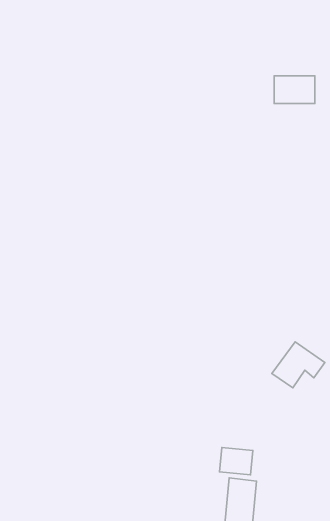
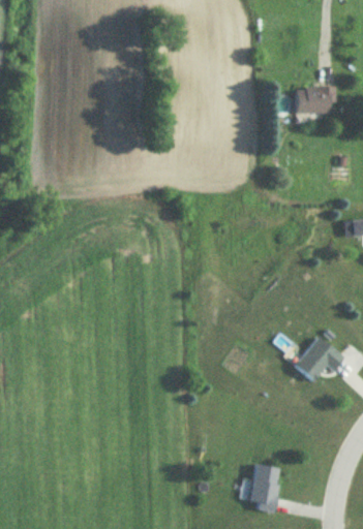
building: [220,448,253,475] -> none

